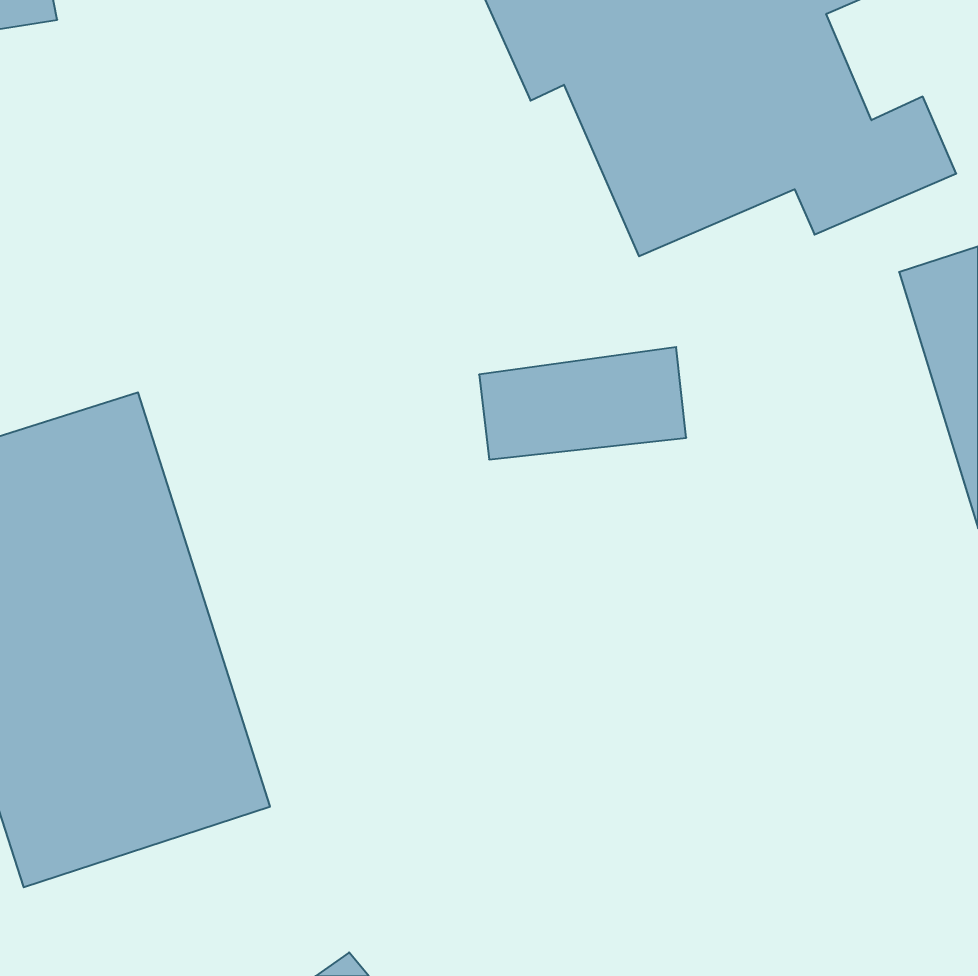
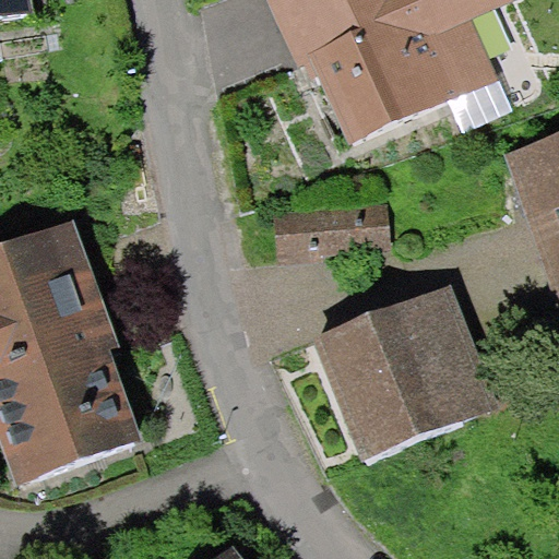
building: none -> [317,286,492,460]

